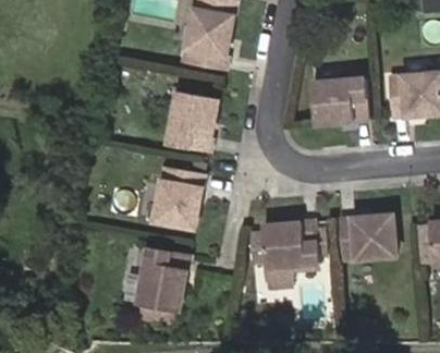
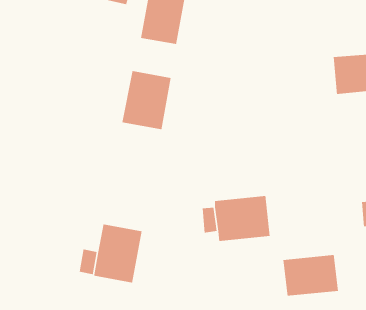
building: [309,75,368,122] -> none
building: [155,166,204,227] -> none
building: [339,215,398,258] -> [283,255,339,296]

